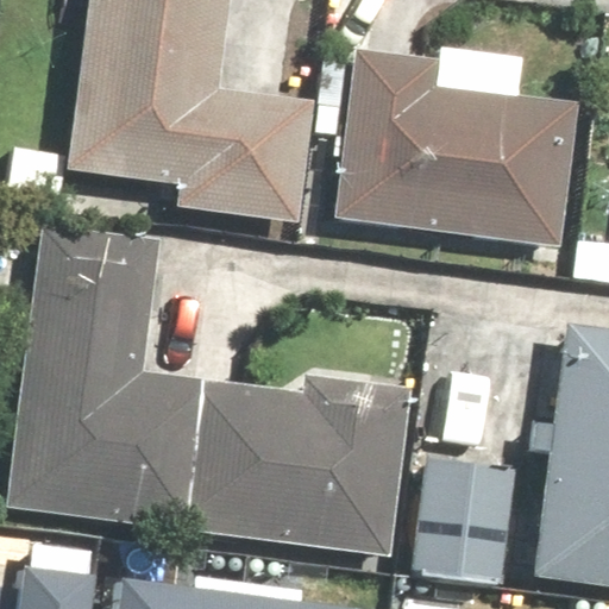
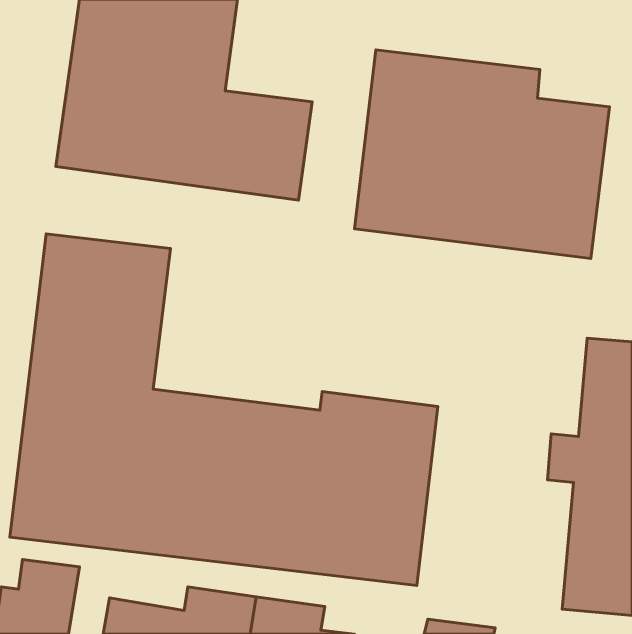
building: [414,458,515,586] -> none

